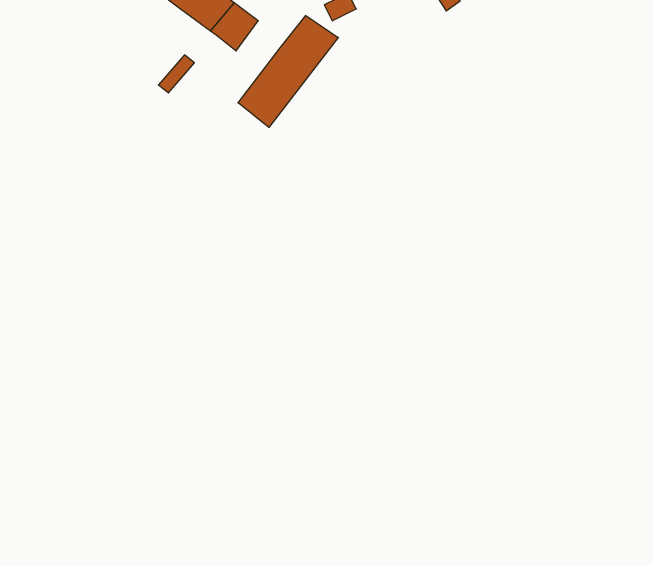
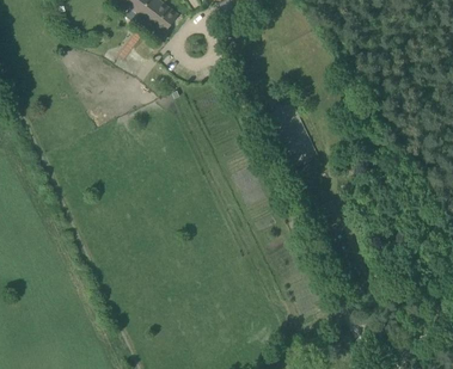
building: [238,16,338,127] -> none

